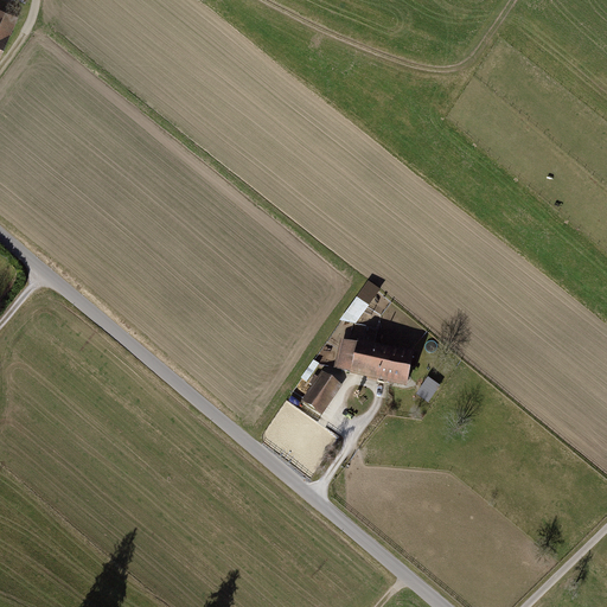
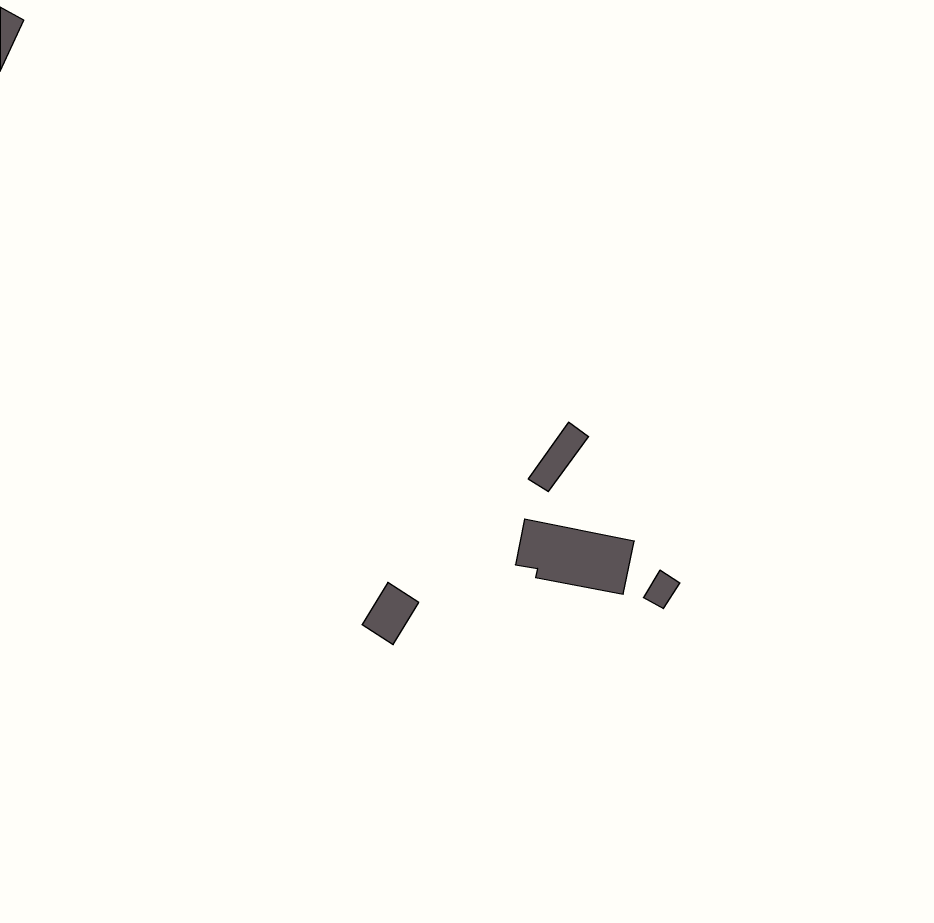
building: [302,370,339,410] -> [362,582,419,645]

